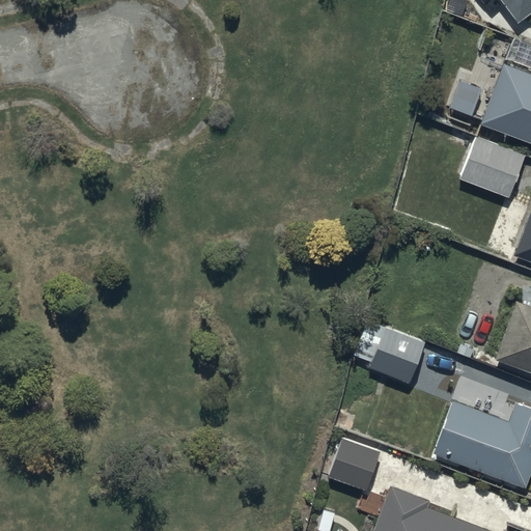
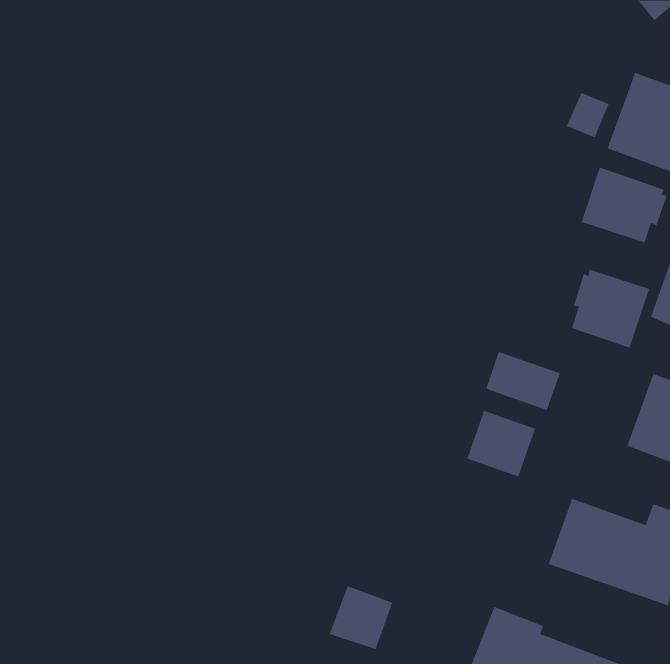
building: none -> [571,269,650,349]
building: none -> [485,351,560,411]
building: [328,440,379,491] -> [329,585,393,650]

